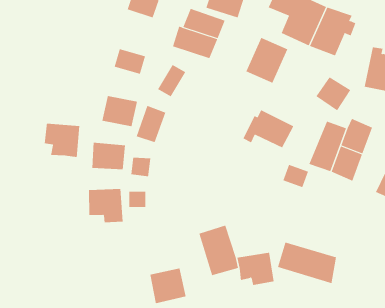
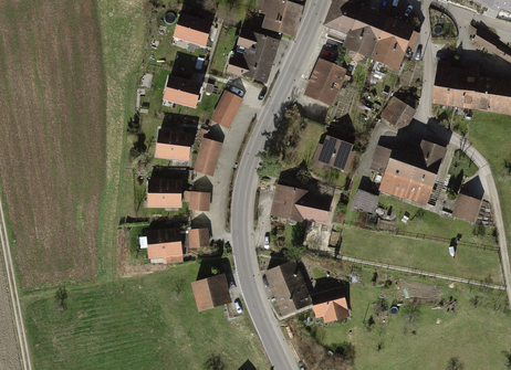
building: [44,123,80,158] -> none
building: [277,242,337,284] -> [268,184,331,226]
building: [150,268,187,304] -> [190,274,231,314]

